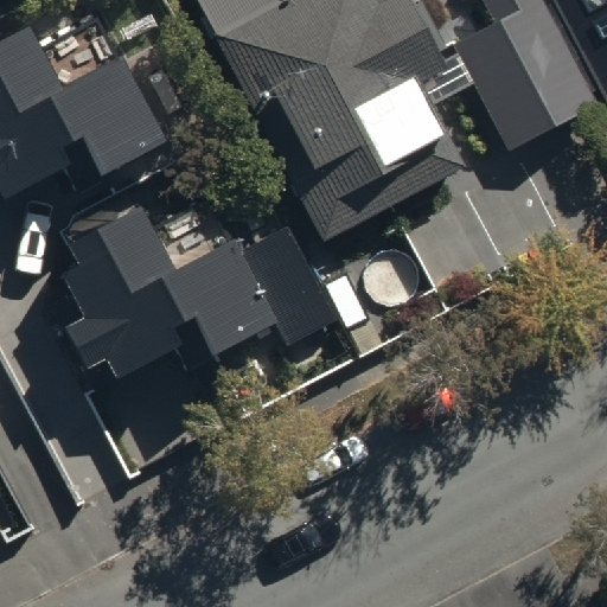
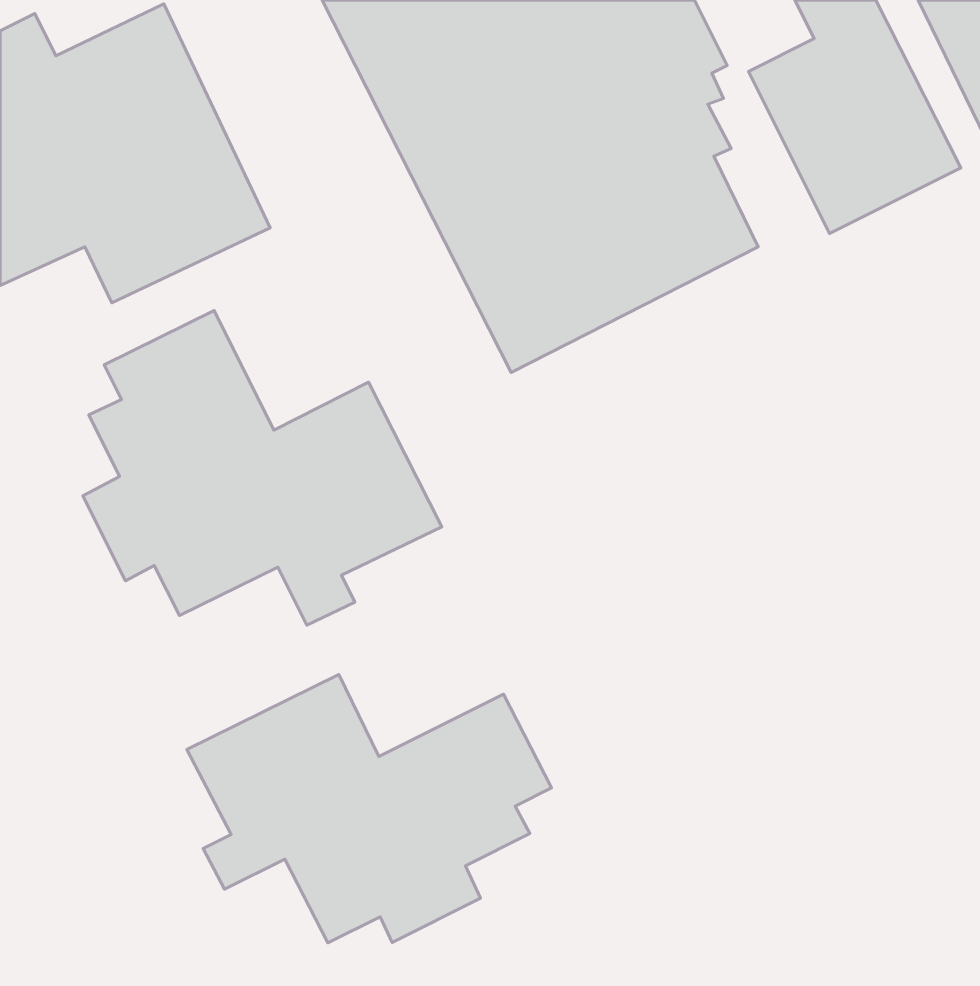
building: none -> [187,675,552,943]

